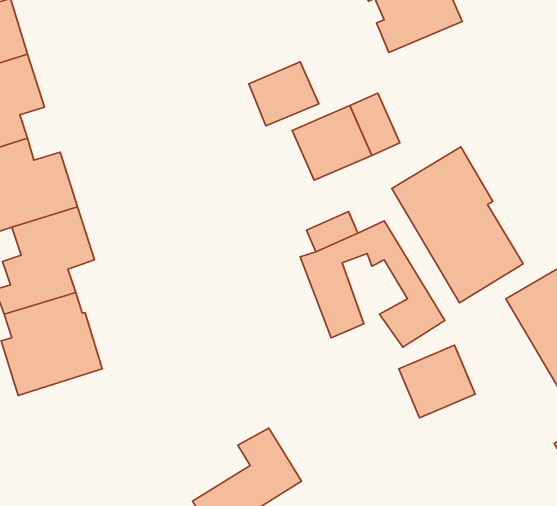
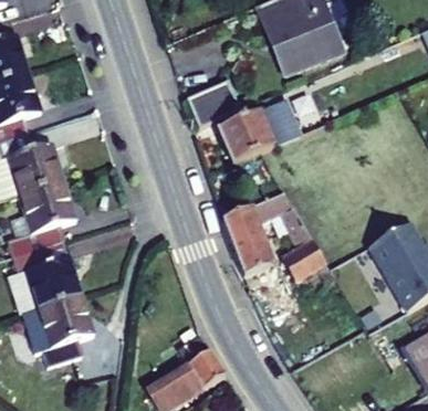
building: [392,147,523,303] -> none
building: [399,345,475,418] -> none
building: none -> [22,297,94,368]

